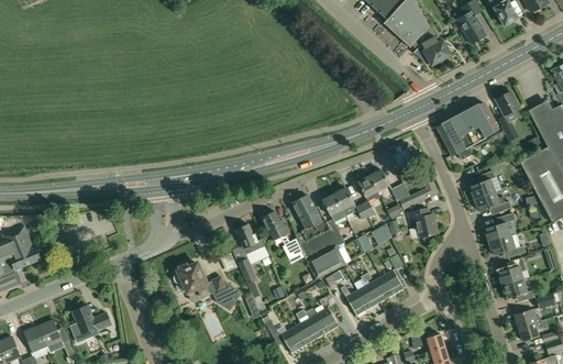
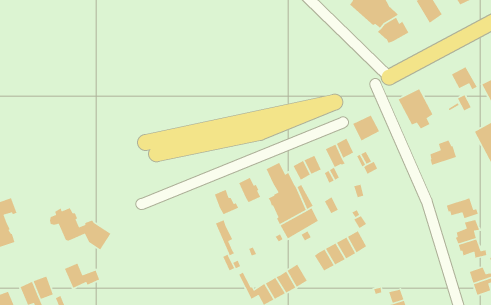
building: [461,102,498,143] -> none
building: [474,190,512,213] -> none
building: [407,207,438,238] -> none
building: [486,212,516,242] -> none
building: [8,229,42,269] -> none
building: [174,263,242,310] -> [49,207,112,251]

